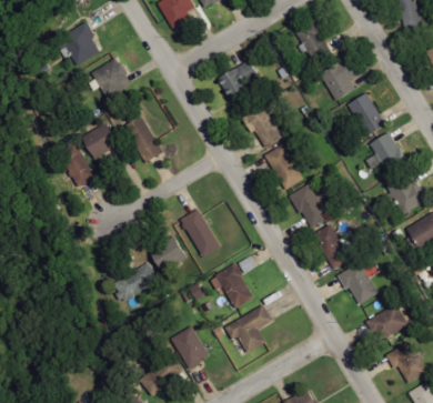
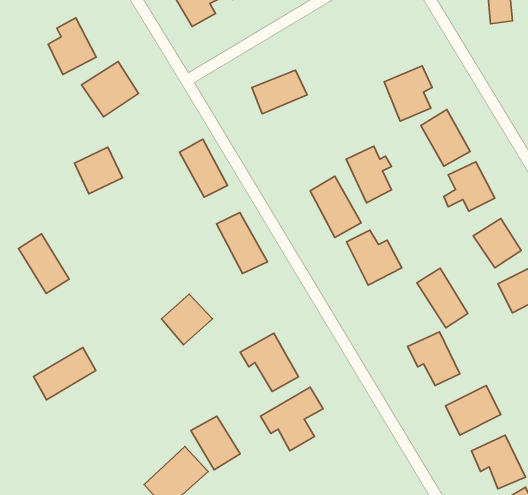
building: [294,20,333,63] -> none
building: [245,107,280,150] -> [346,146,391,203]
building: [124,117,161,161] -> [179,139,228,197]
building: [56,142,94,188] -> [18,234,69,294]
building: [181,210,220,256] -> [216,212,267,273]
building: [312,224,351,270] -> [417,268,468,328]
building: [111,264,159,304] -> [33,347,96,400]

